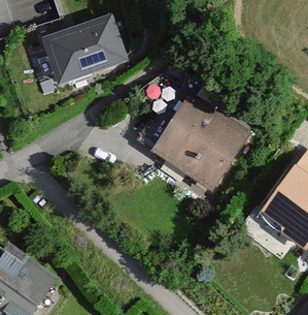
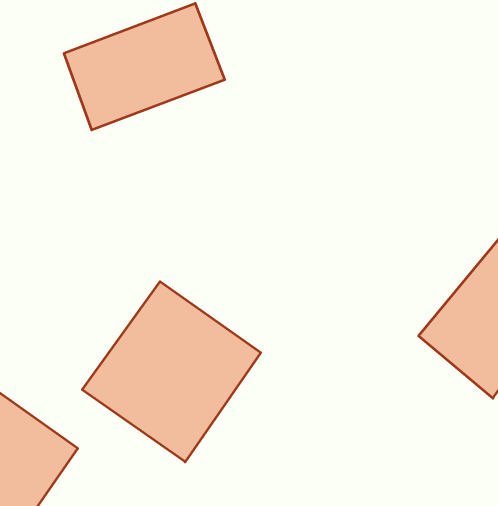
building: [152,95,250,191] -> none
building: none -> [82,282,261,462]

